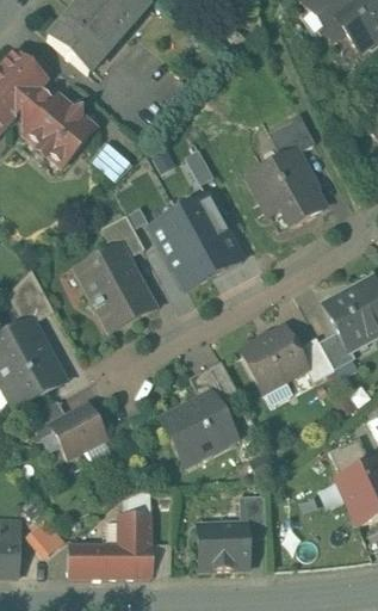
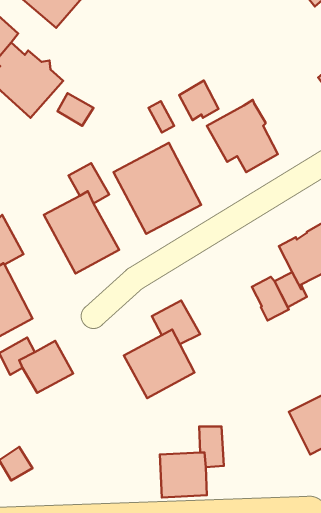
building: [273,112,315,154] -> [179,81,219,120]
building: [240,326,306,391] -> none
building: [70,487,151,576] -> none

